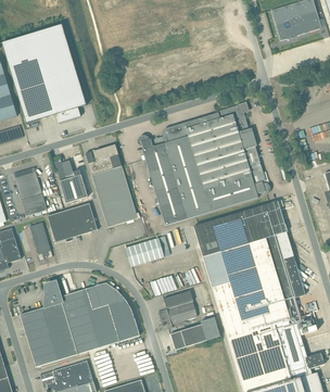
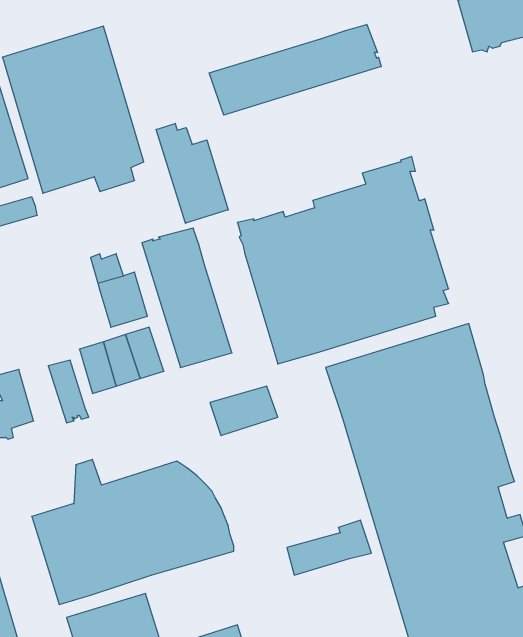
building: none -> [209,24,381,115]
building: none -> [156,123,228,223]
building: [13,166,48,215] -> none
building: [158,289,198,325] -> none

